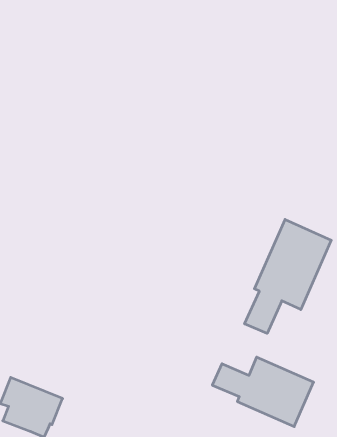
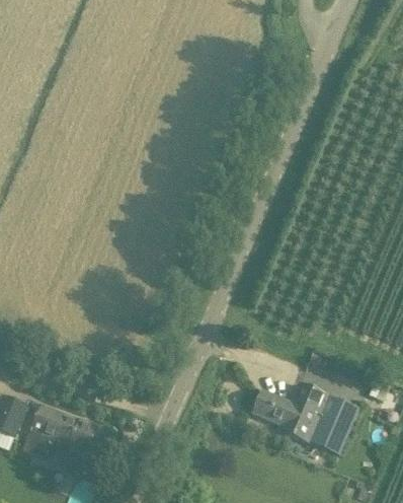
building: [245,219,331,333] -> none

